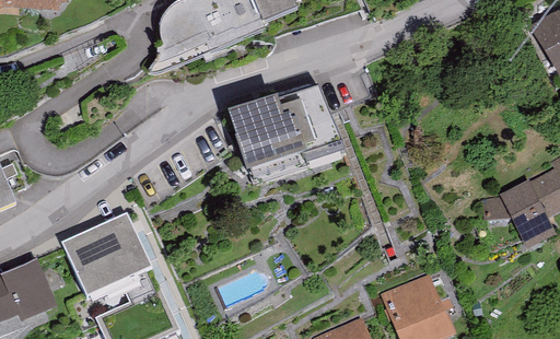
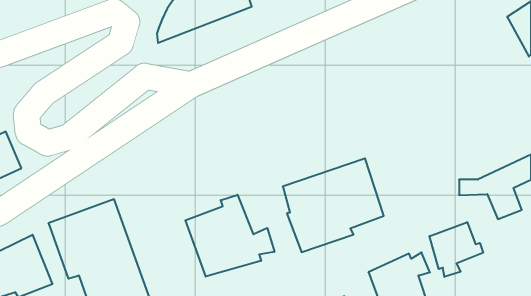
building: [234,85,340,184] -> [283,158,384,252]
building: none -> [185,195,274,277]
building: none -> [429,222,483,277]

